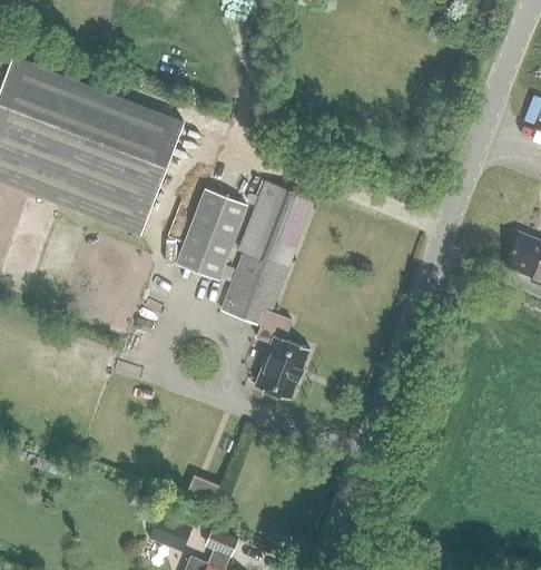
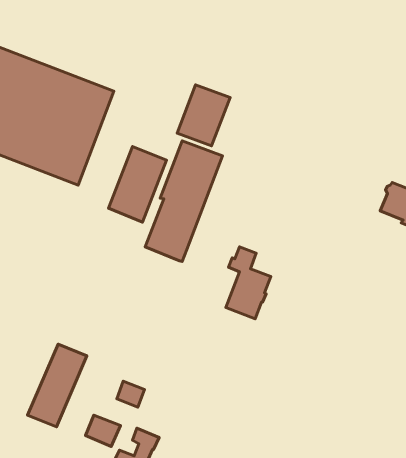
building: none -> [177,85,230,146]
building: [254,313,308,400] -> [226,247,271,319]
building: none -> [28,344,87,427]

